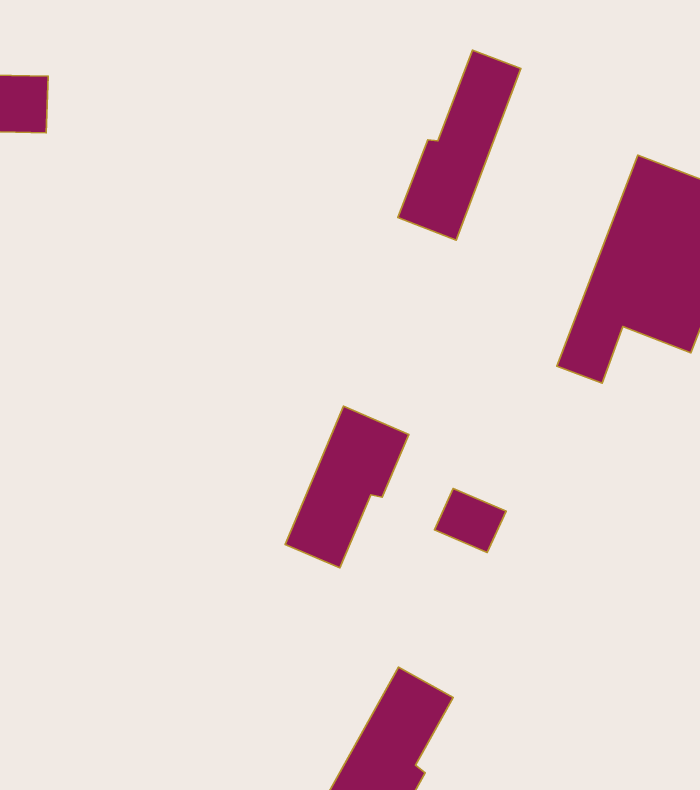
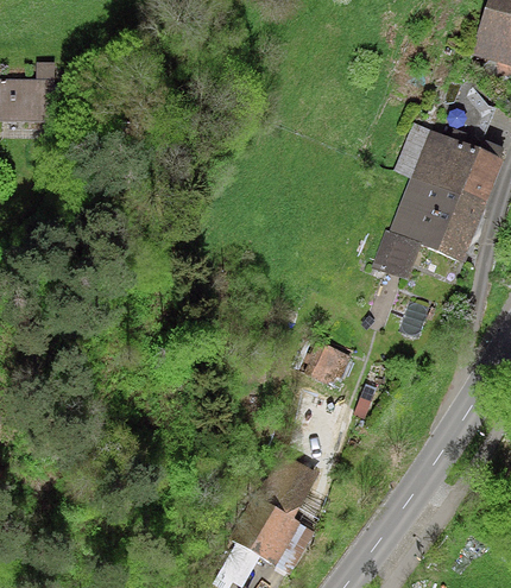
building: [398,50,521,240] -> none
building: [285,406,409,568] -> none

